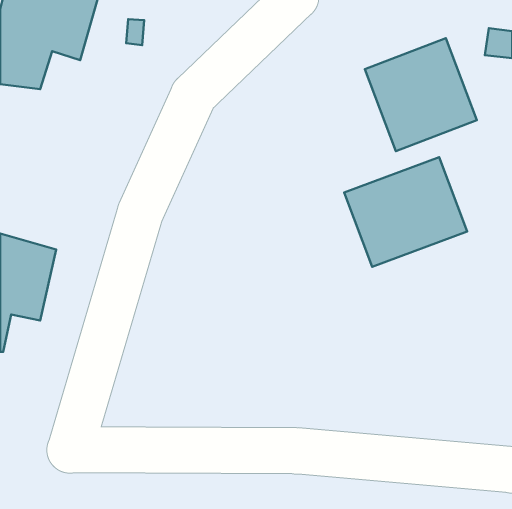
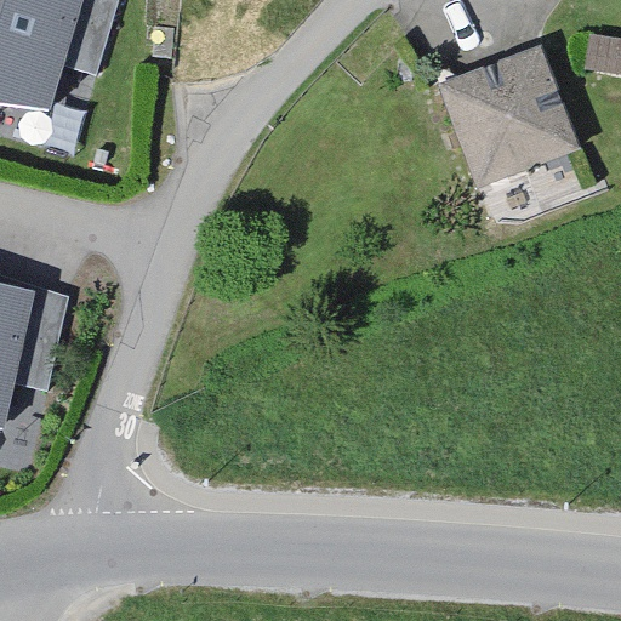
building: [344,157,467,267] -> none

